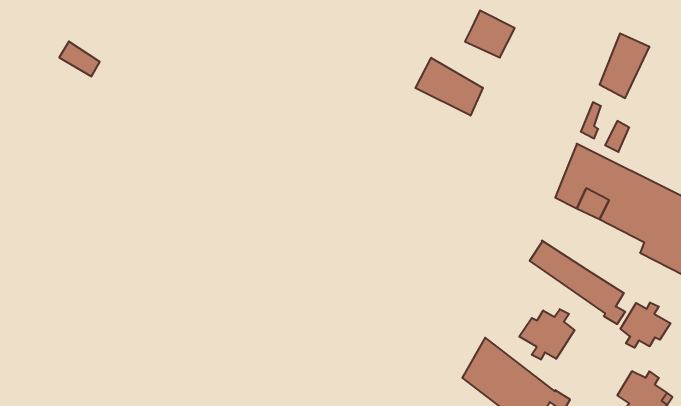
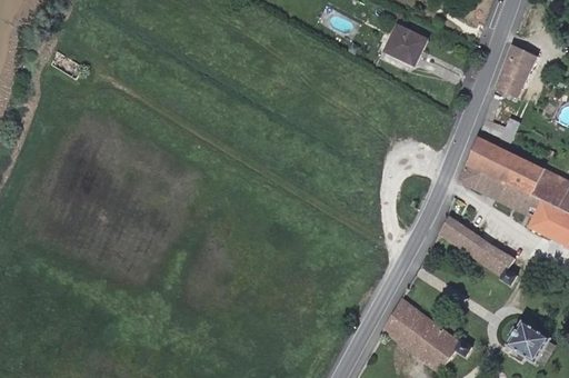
building: [415,58,483,116] -> none
building: [620,302,670,348] -> none
building: [519,309,575,360] -> none

